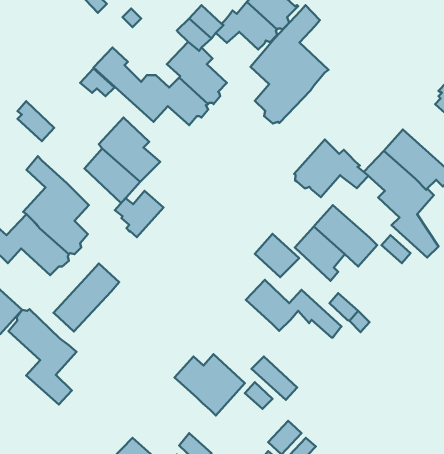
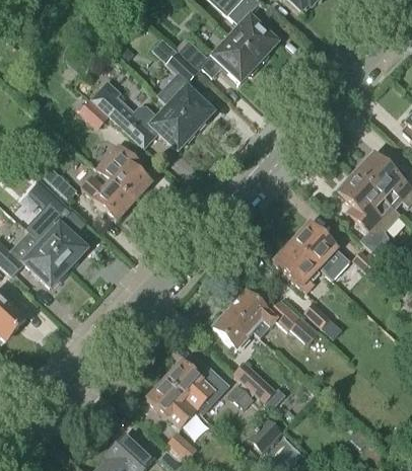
building: [250,5,329,123] -> none
building: [17,101,54,141] -> [43,166,76,203]
building: [294,139,368,197] -> none
building: [115,191,163,237] -> none
building: [255,234,299,277] -> [212,309,253,348]
building: [54,263,119,331] -> none
building: [9,309,77,405] -> none
building: none -> [145,380,196,428]

